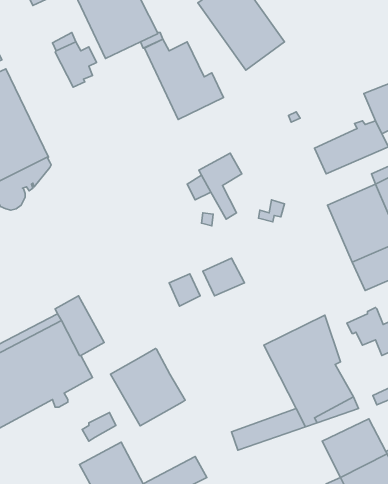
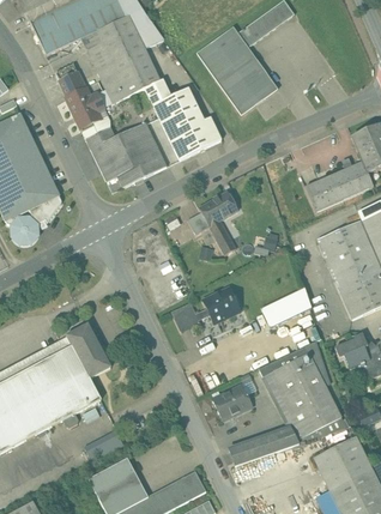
building: none -> [86,121,167,187]
building: none -> [261,288,312,326]
building: [111,348,185,426] -> none
building: none -> [212,383,252,419]

